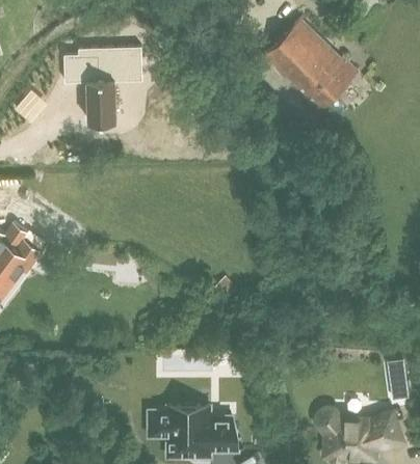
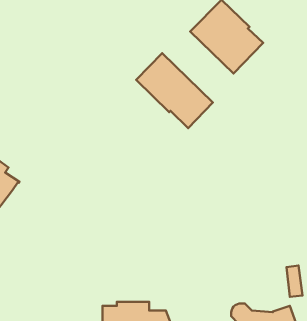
building: [62,47,141,122] -> none
building: none -> [136,53,213,128]

